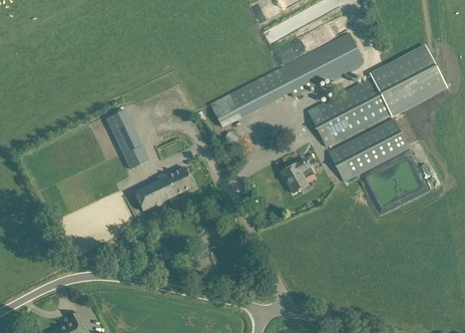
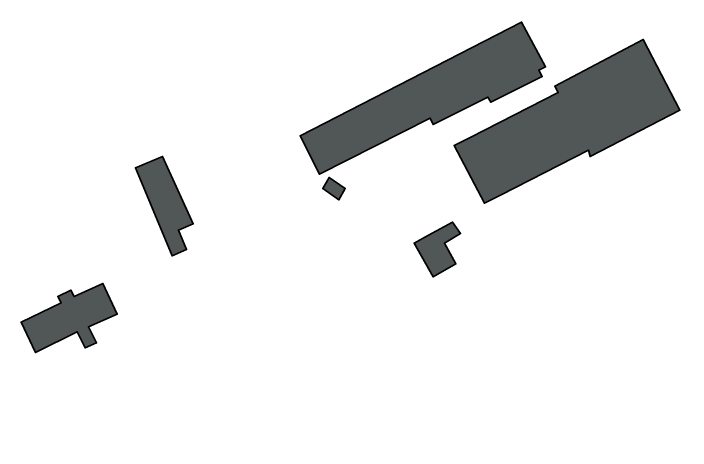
building: [330,117,409,181] -> none
building: [134,166,194,210] -> [21,284,117,353]

